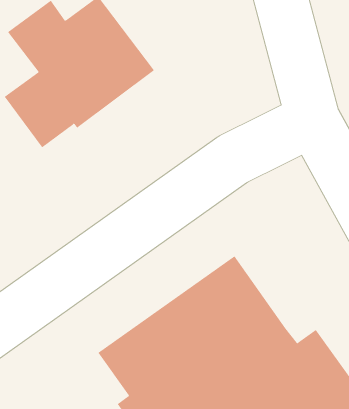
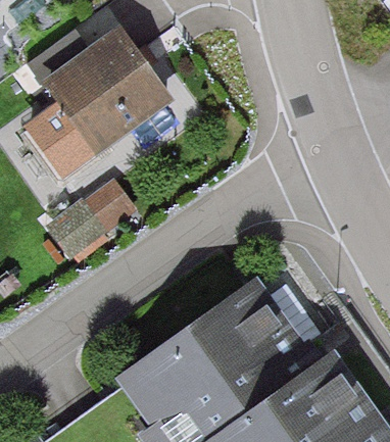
building: none -> [44,176,136,261]

